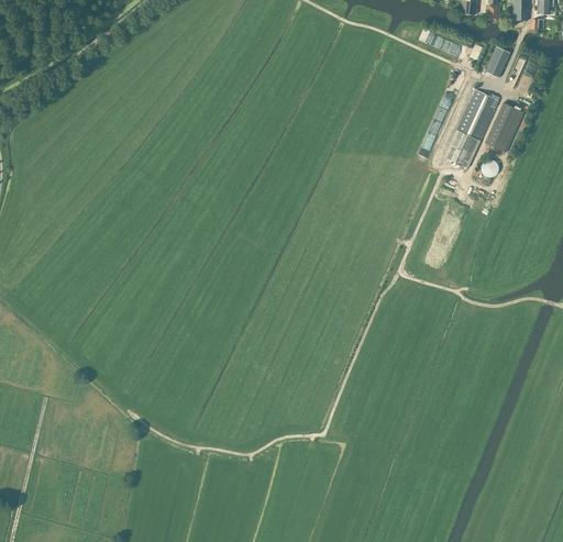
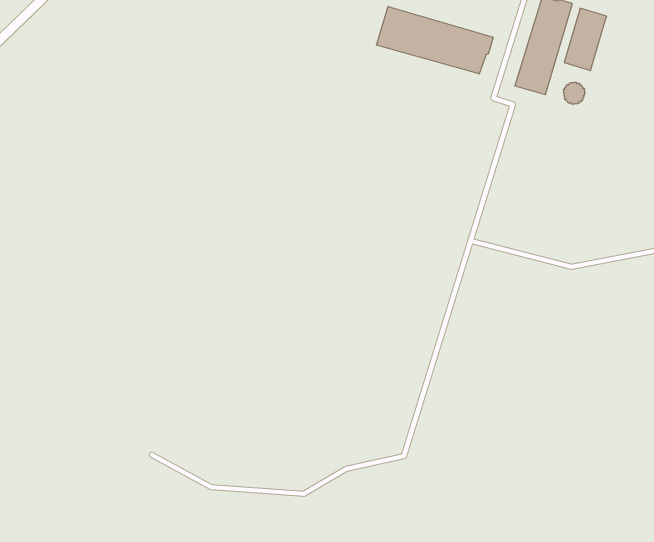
building: none -> [376,6,493,74]

